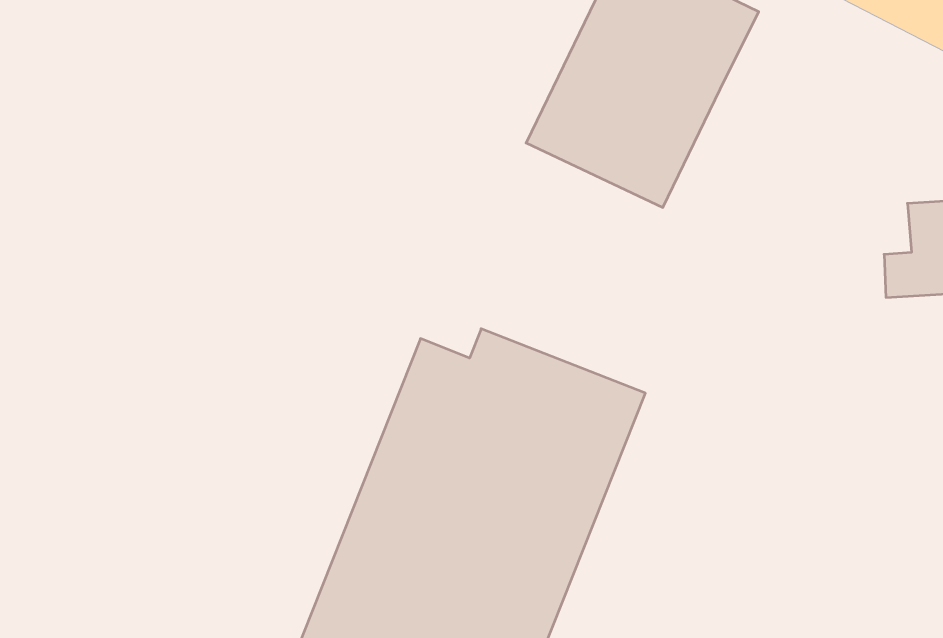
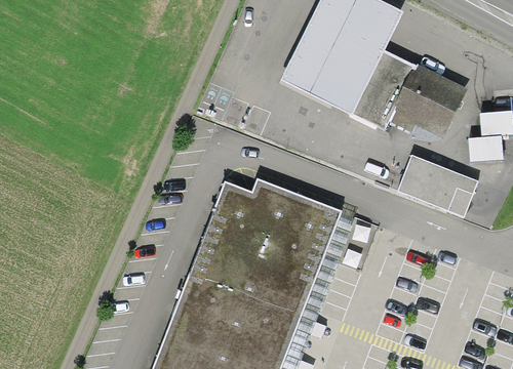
building: none -> [352,46,470,140]
building: none -> [397,154,479,210]

